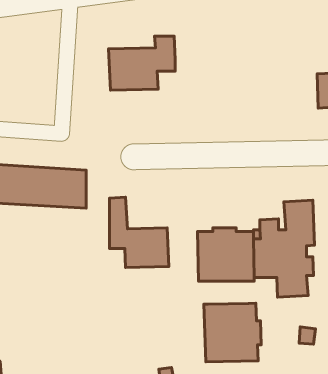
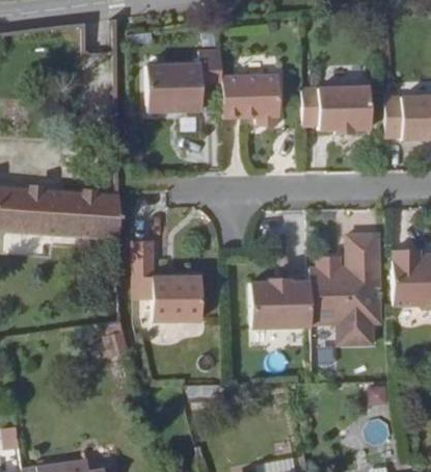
building: none -> [221,72,280,123]
building: none -> [303,80,371,123]
building: [204,303,261,362] -> none

